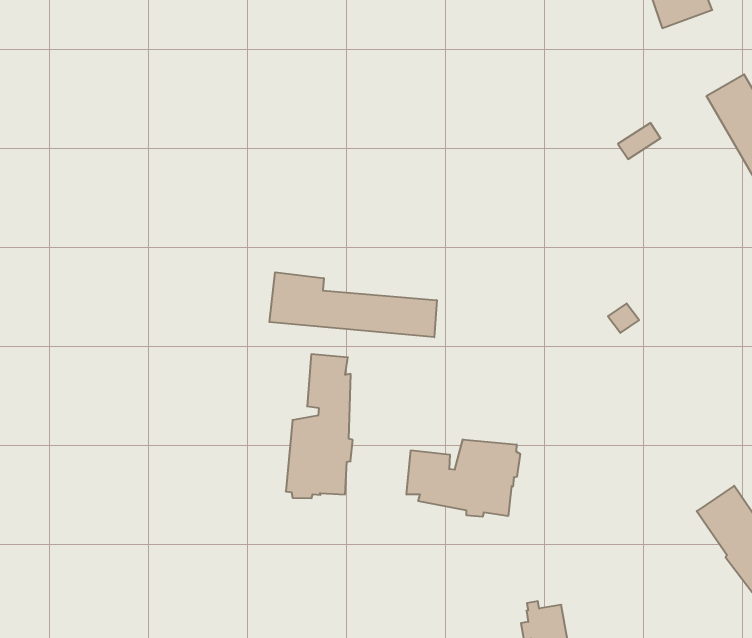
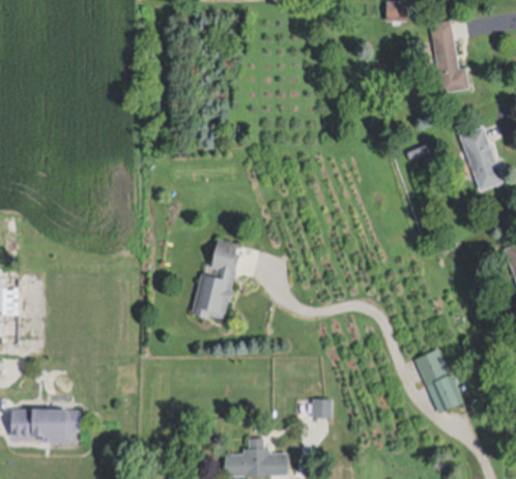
building: [269,272,437,337] -> none
building: [407,439,520,517] -> none

